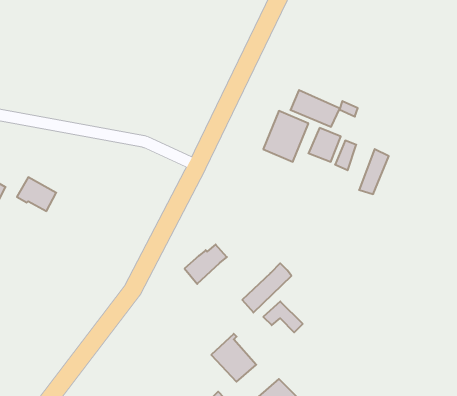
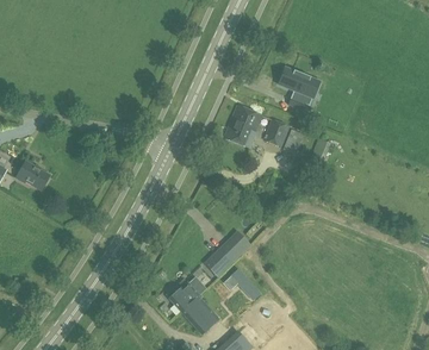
building: [290,90,340,127] -> [278,67,319,98]
building: [185,244,227,284] -> [169,277,205,311]

